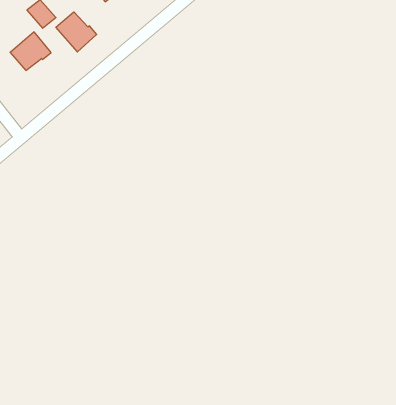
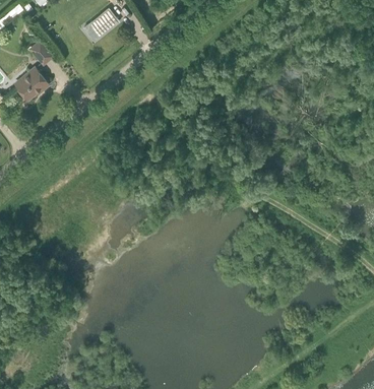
building: [56,12,97,52] -> none

